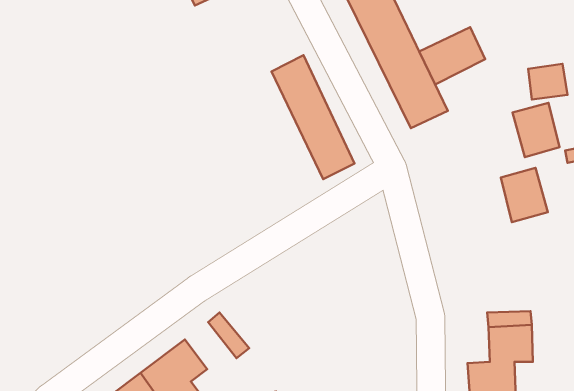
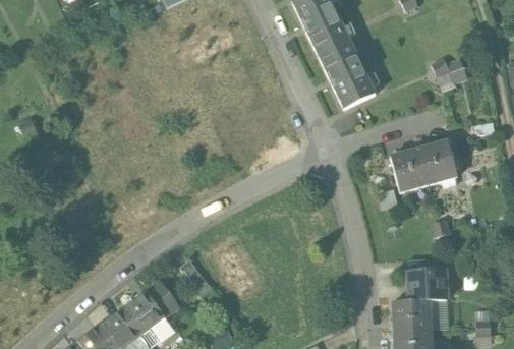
building: [419,27,485,85] -> none
building: [271,55,354,179] -> none
building: [513,103,559,157] -> [390,149,429,193]

